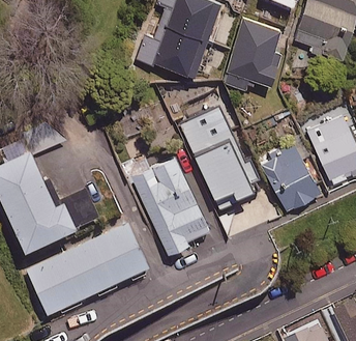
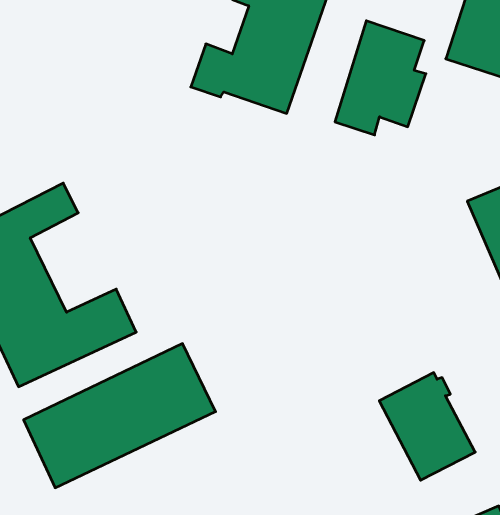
building: [181,109,259,209] -> none
building: [261,145,321,212] -> [379,373,475,480]
building: [128,160,209,256] -> none

